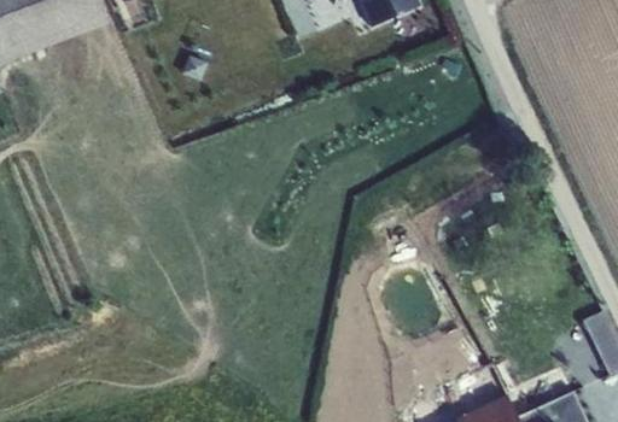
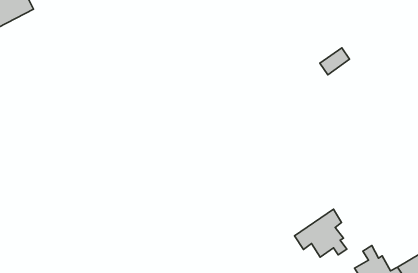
building: none -> [295,209,347,257]

